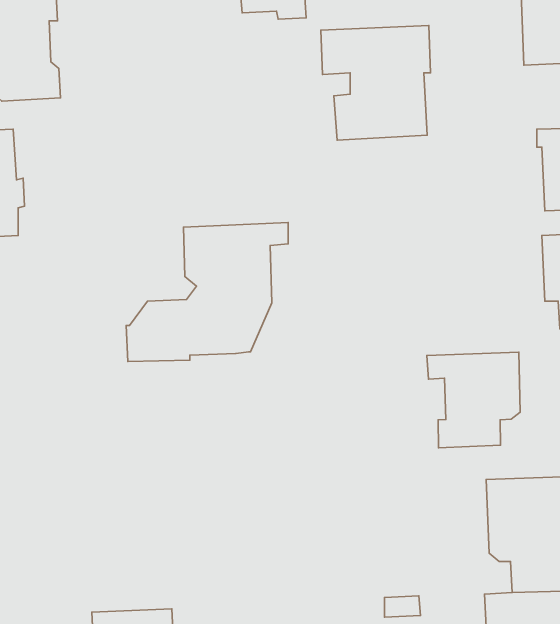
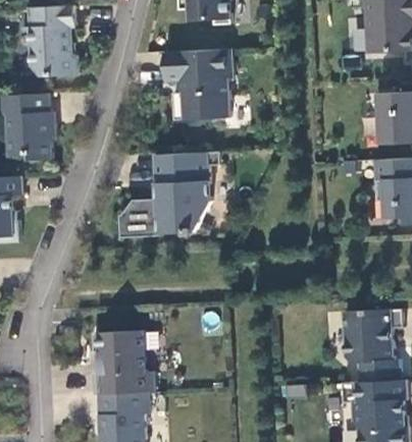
building: [321,25,430,140] -> [163,50,231,121]
building: [427,352,520,448] -> none
building: none -> [92,331,153,395]

